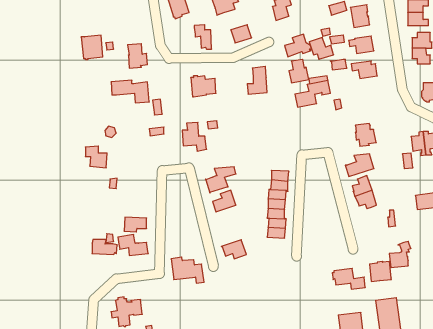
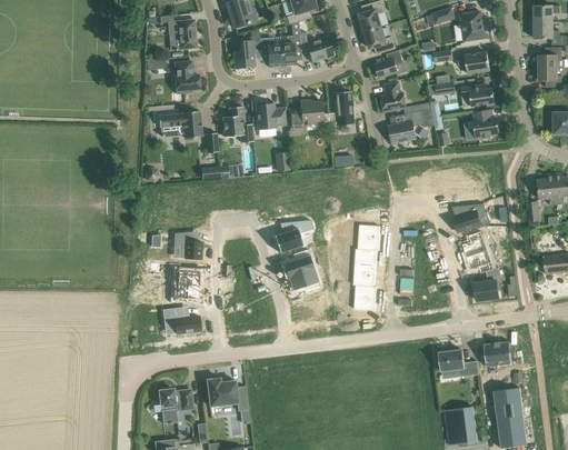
building: none -> [280,34,300,68]
building: none -> [233,40,260,70]
building: [81,35,103,59] -> [168,19,196,50]
building: [309,37,334,59] -> [363,26,395,53]
building: none -> [286,100,322,130]
building: [182,122,207,151] -> [222,106,253,142]
building: [355,124,376,146] -> [472,109,499,138]
building: [85,146,107,168] -> [173,231,201,259]
building: [92,240,117,254] -> [170,266,202,284]
building: [221,240,246,259] -> [287,268,319,292]
building: [389,241,411,268] -> [474,267,501,300]
building: [171,257,204,283] -> [206,377,248,410]

